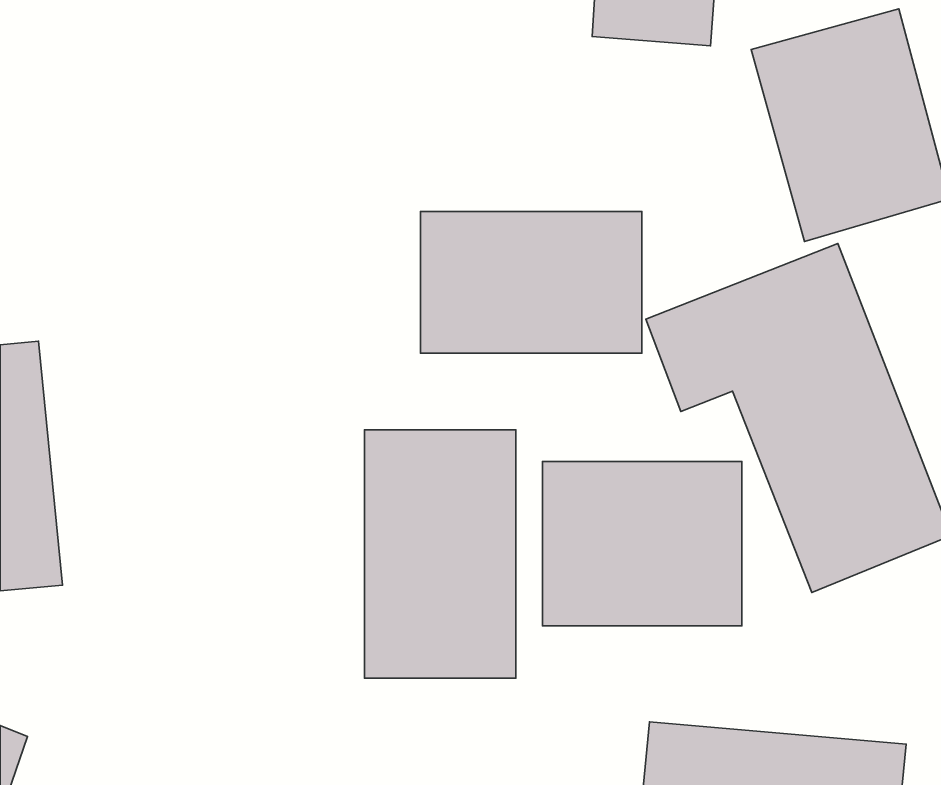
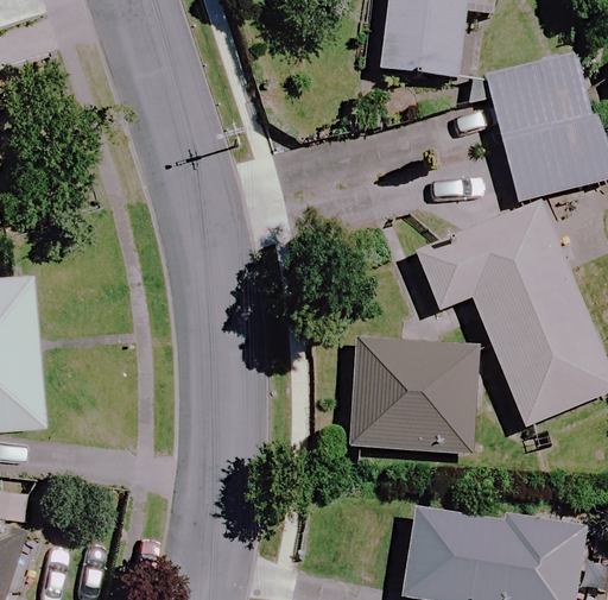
building: [420,211,642,353] -> none
building: [364,430,516,678] -> none

